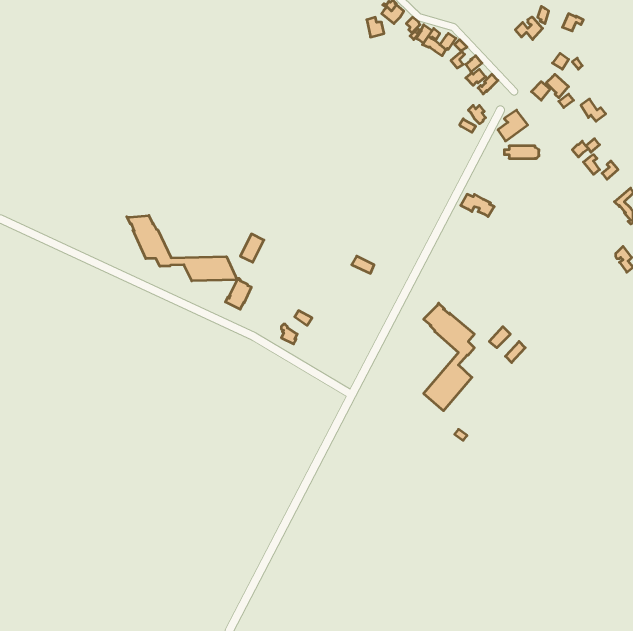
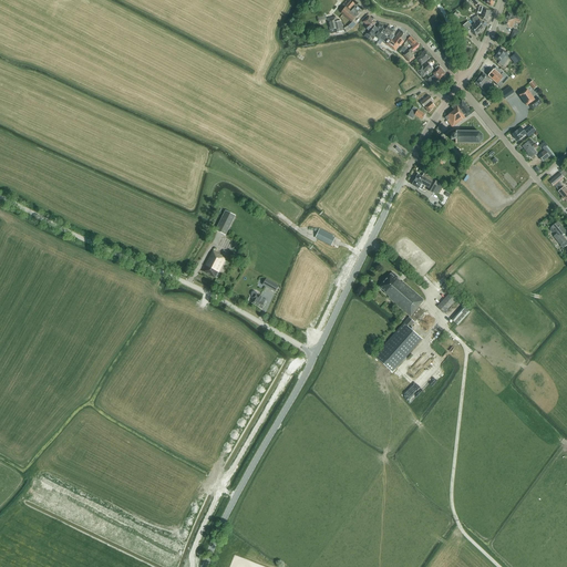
building: [127,215,237,281] -> none

